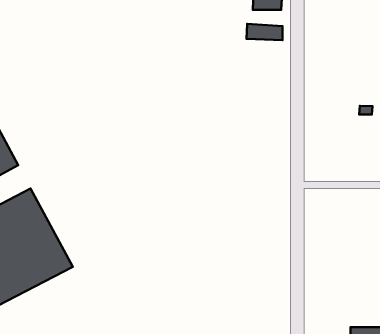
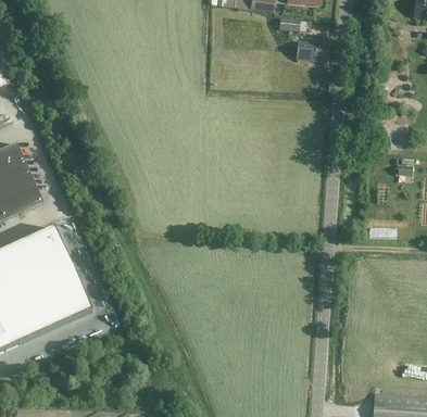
building: [247,24,283,40] -> none

